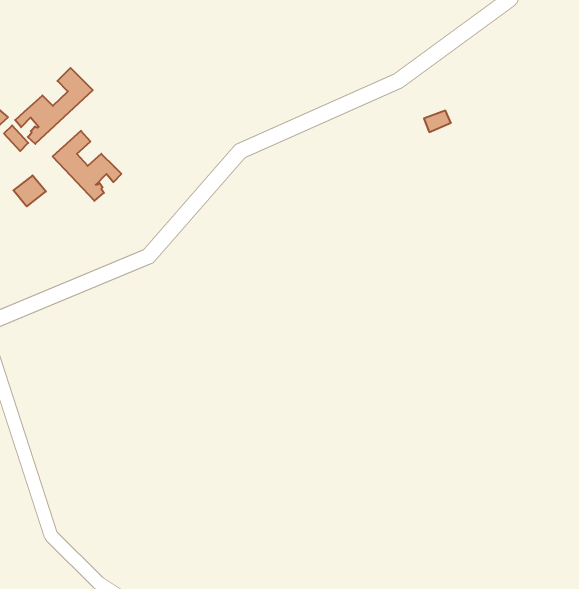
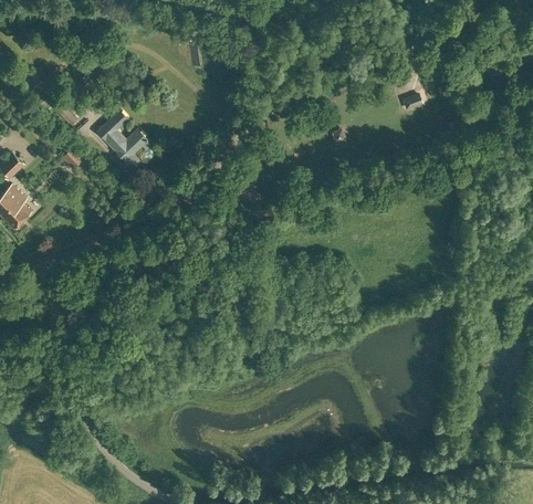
building: [15,68,93,144] -> none

